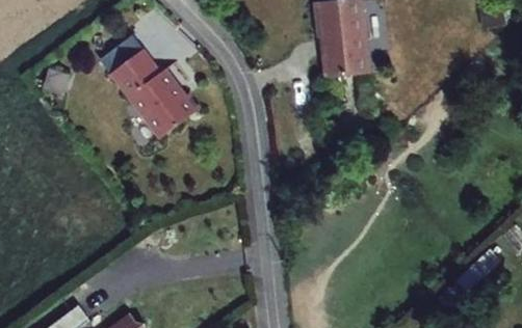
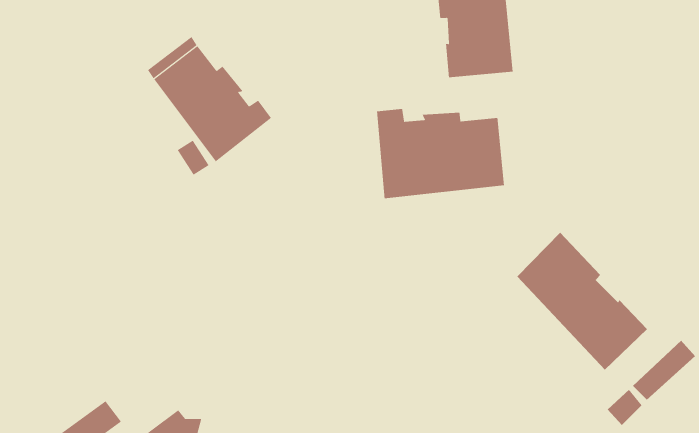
building: none -> [377,108,504,199]
building: none -> [517,232,648,370]

